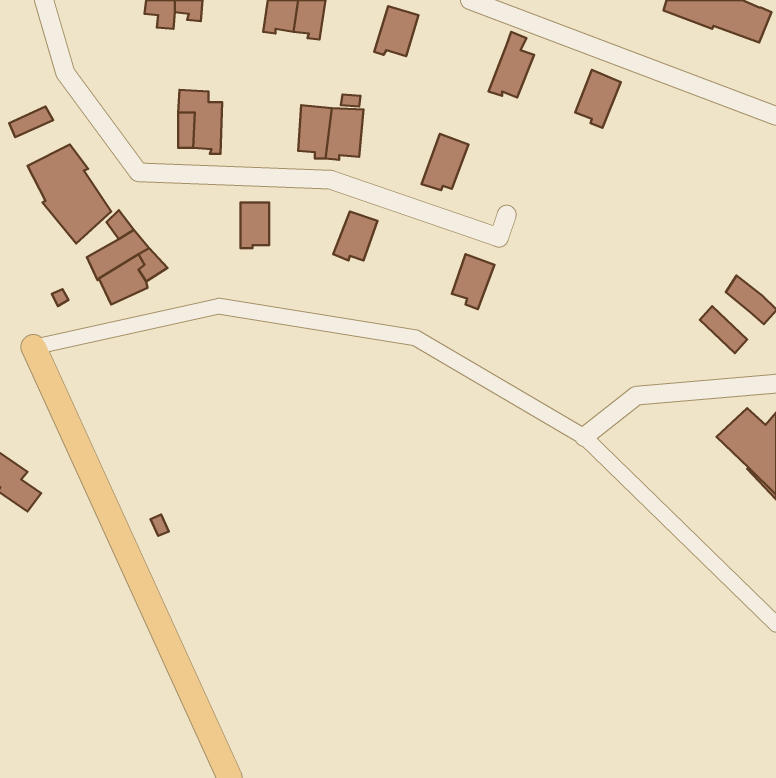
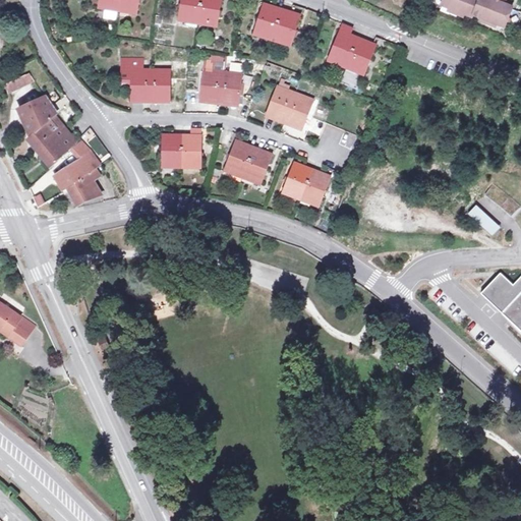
building: none -> [272,10,299,47]
building: [575,70,621,128] -> [346,37,377,75]
building: none -> [148,68,169,103]
building: none -> [266,83,294,123]
building: none -> [180,135,199,167]
building: none -> [243,148,271,184]
building: none -> [283,164,311,196]

